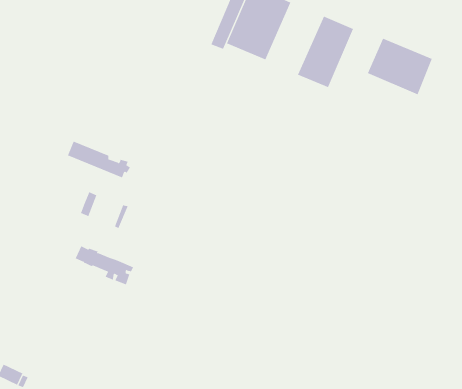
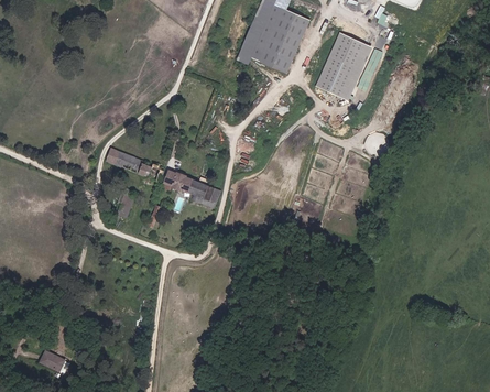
building: [367,38,433,95] -> none
building: [75,245,134,285] -> [165,171,219,207]

